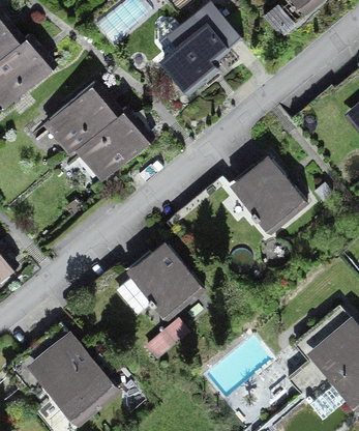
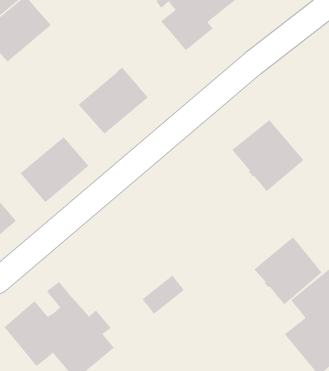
building: [49,84,119,151] -> [19,136,90,203]
building: [118,248,204,321] -> none
building: none -> [254,236,323,305]

